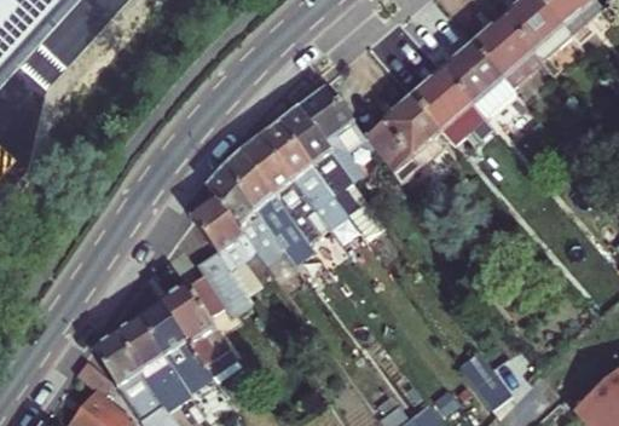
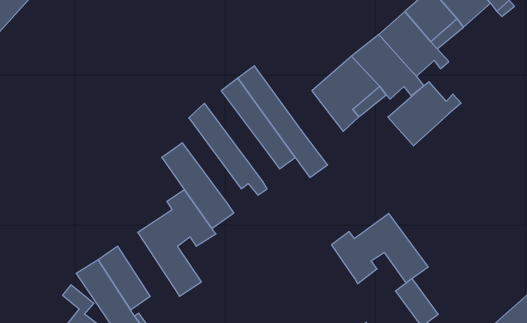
building: [297,84,374,180] -> none
building: none -> [388,82,461,146]
building: [239,134,319,240] -> none
building: [204,166,285,265] -> none
building: none -> [332,213,428,284]
building: [139,299,212,391] -> none

